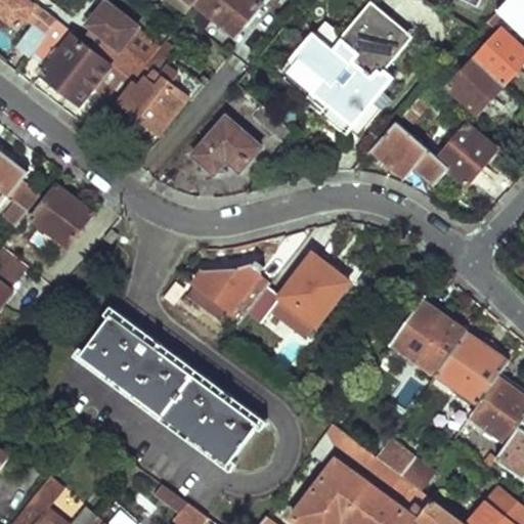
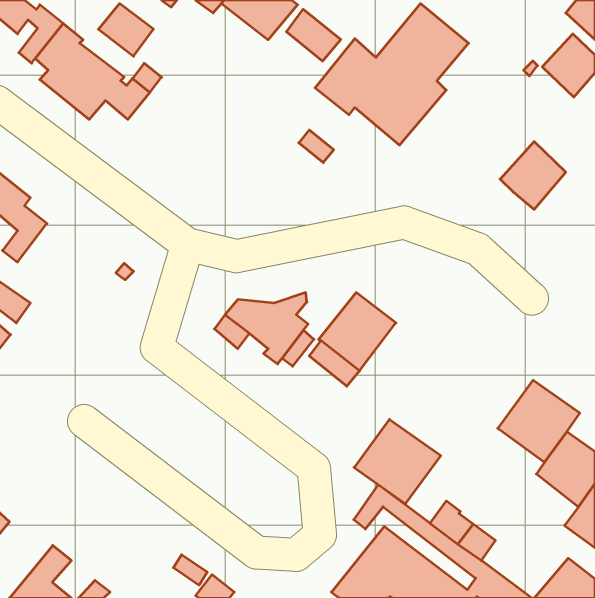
building: none -> [286,9,341,61]
building: [117,45,194,134] -> none
building: [447,58,501,113] -> none
building: [190,117,259,174] -> none
building: [370,122,448,183] -> none
building: [30,183,95,248] -> none
building: [390,301,466,375] -> [354,419,441,504]
building: [82,315,259,464] -> none

